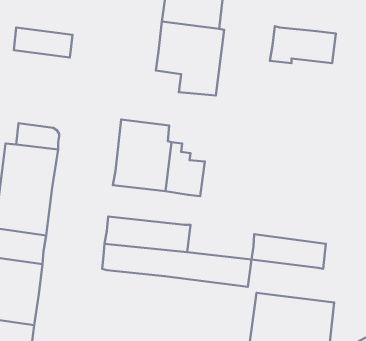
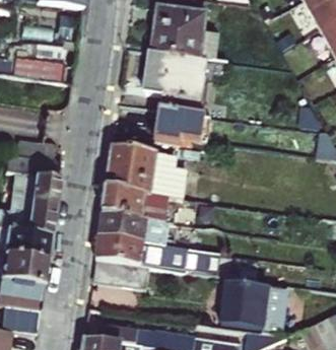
building: [270,26,336,63] -> [154,111,210,142]
building: none -> [103,191,171,224]
building: [252,234,326,269] -> none
building: none -> [98,263,150,290]

